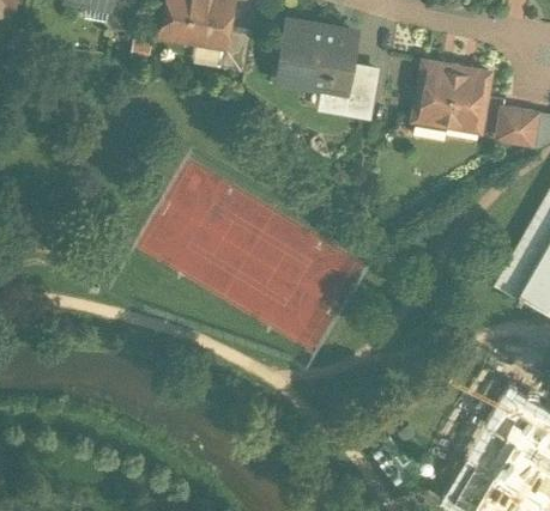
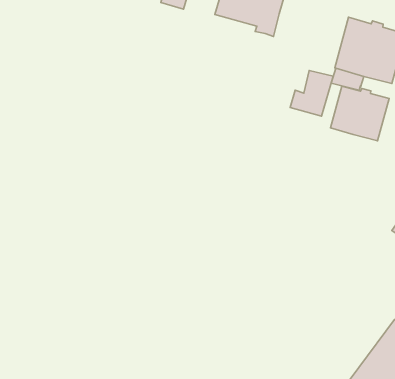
building: [333,66,376,114] -> [290,71,333,116]
building: none -> [330,86,389,141]

